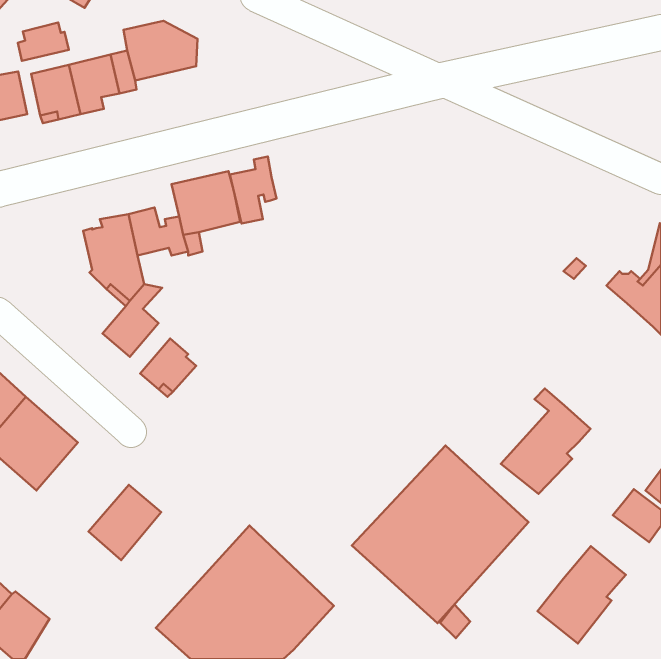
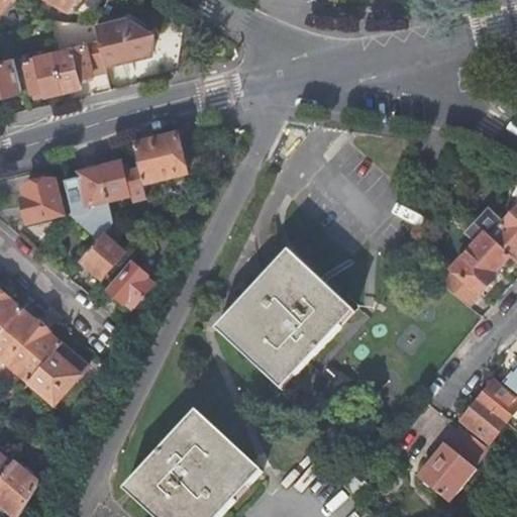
building: [18,22,69,61] -> none
building: [230,156,277,224] -> none
building: none -> [21,180,63,221]
building: [501,389,590,494] -> [438,223,508,305]
building: [352,446,529,623] -> [215,252,352,391]
building: [89,485,161,560] -> [29,344,86,403]
building: none -> [461,401,505,441]

